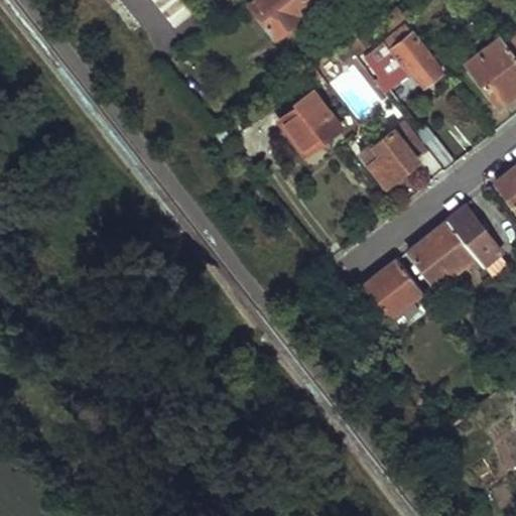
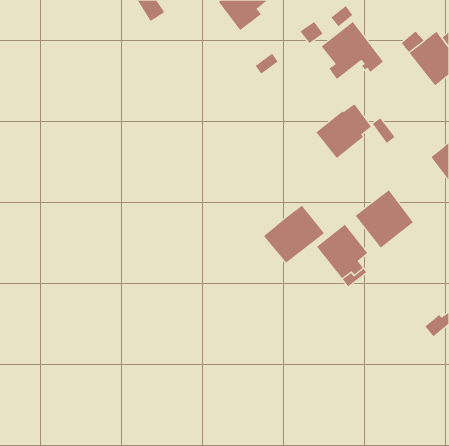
building: [280,91,342,155] -> none
building: [446,208,506,276] -> none
building: none -> [263,205,325,264]

